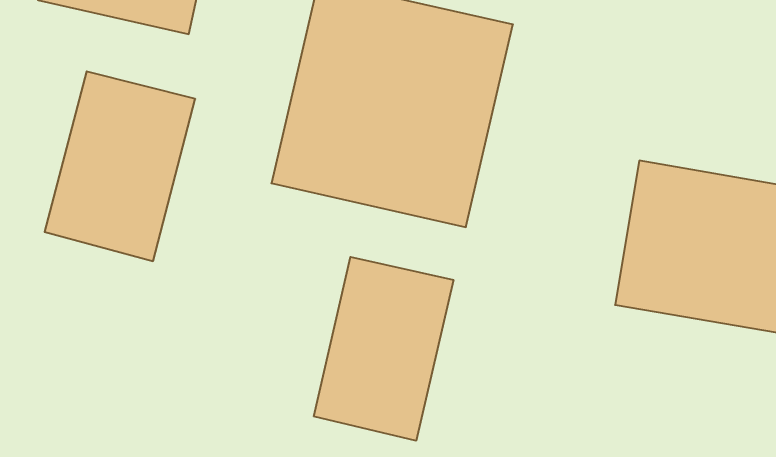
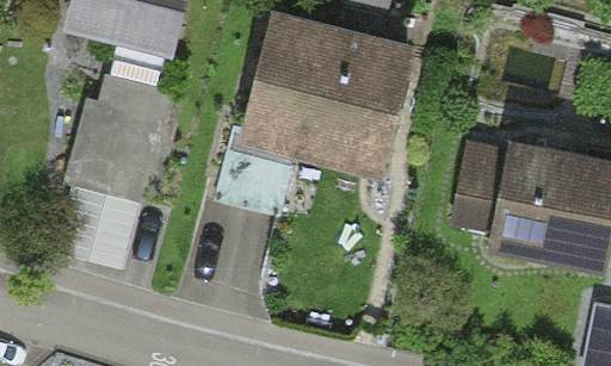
building: [314,257,453,441] -> none

